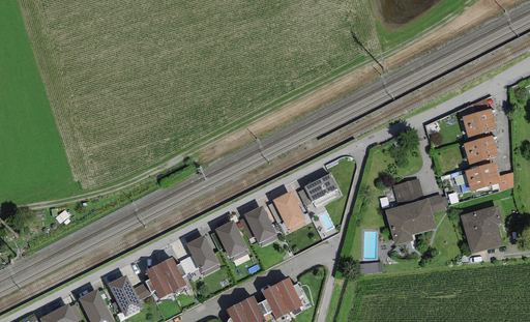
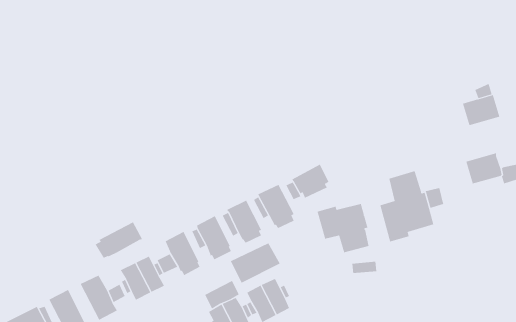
building: [463,135,498,164] -> none
building: [460,204,503,254] -> none
building: none -> [317,203,369,253]
building: none -> [95,222,143,259]
building: none -> [230,242,281,284]
building: none -> [204,280,240,309]

